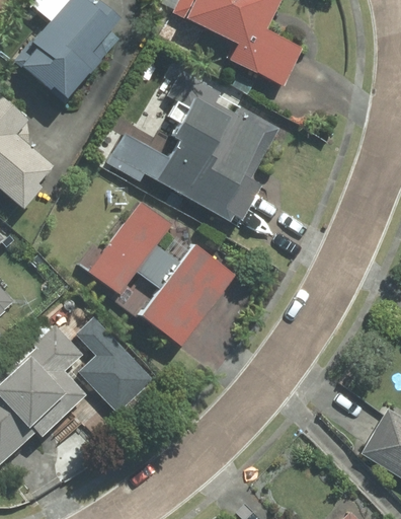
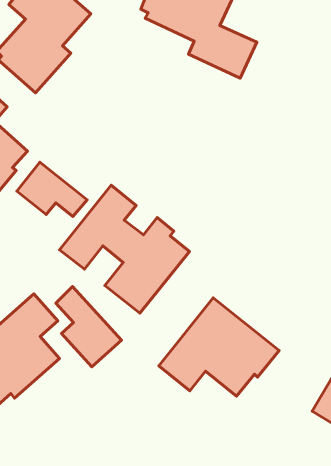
building: [100,68,271,227] -> none
building: none -> [17,162,87,216]
building: none -> [159,298,279,396]

